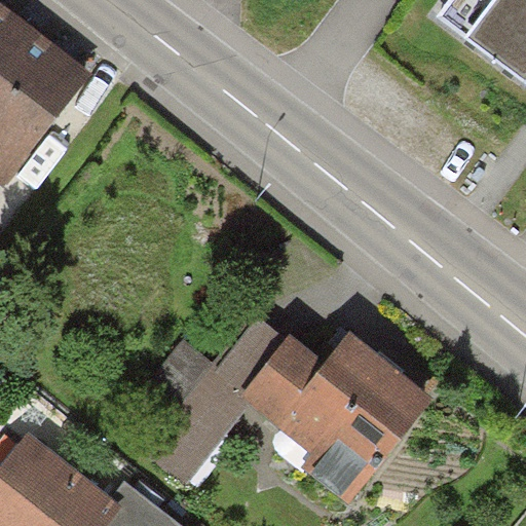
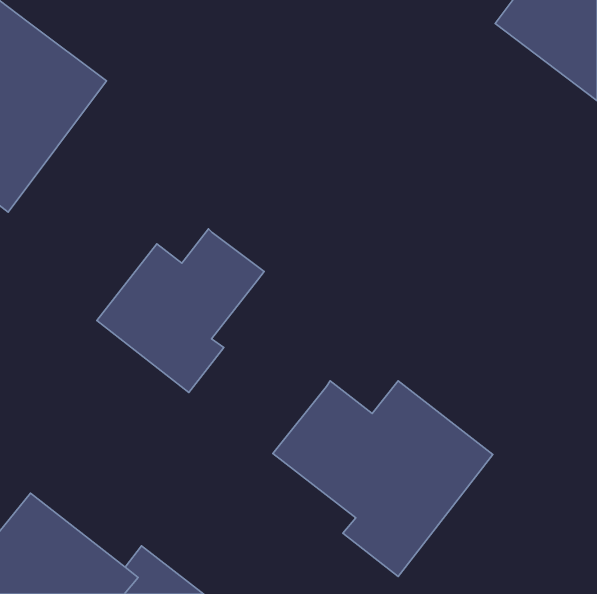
building: none -> [97,229,264,393]
building: [144,316,287,485] -> none

